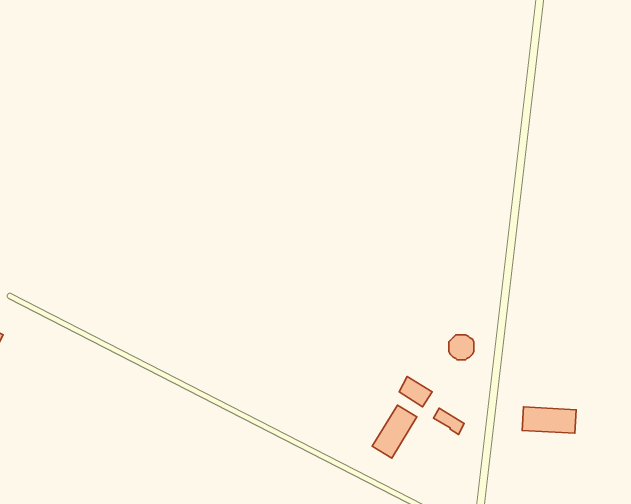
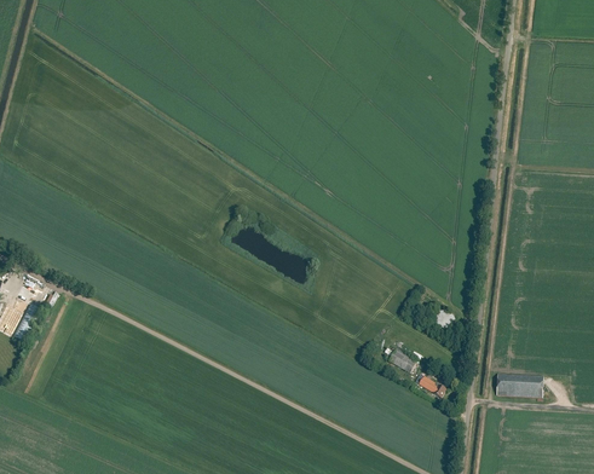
building: [372,405,417,458] -> none

